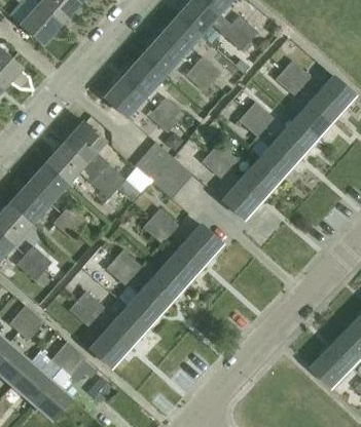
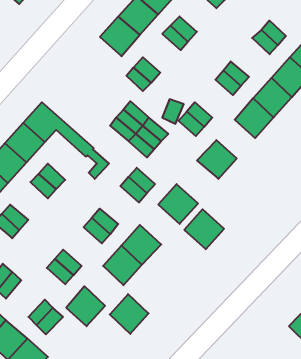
building: [104,77,144,117] -> none
building: [64,121,124,189] -> none
building: [240,160,279,199] -> none
building: [163,245,203,285] -> [184,209,224,249]
building: [107,307,146,347] -> [110,294,149,334]

